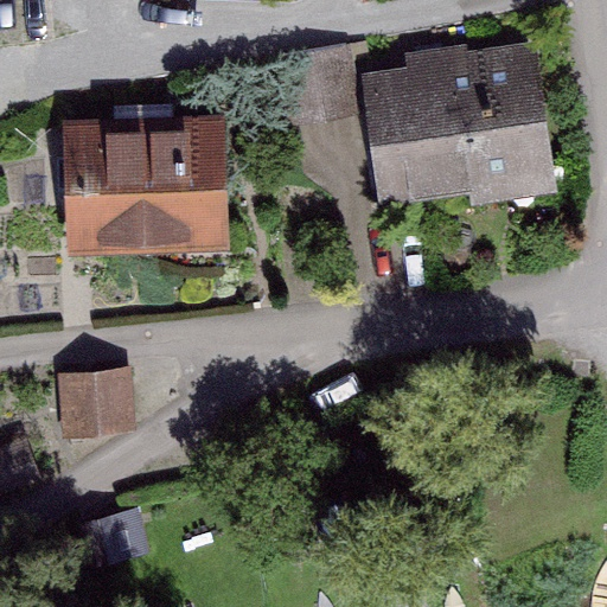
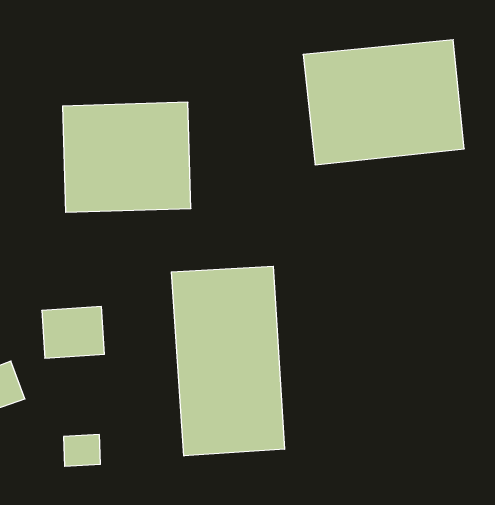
building: none -> [171,266,285,456]

